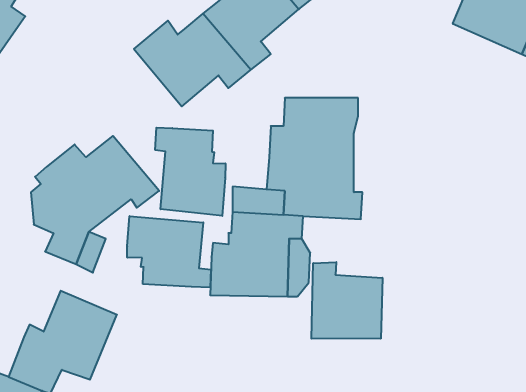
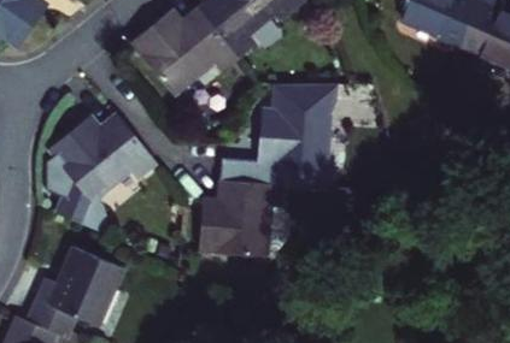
building: [155,128,225,216] -> none
building: [127,216,211,287] -> none
building: [311,262,382,339] -> none

